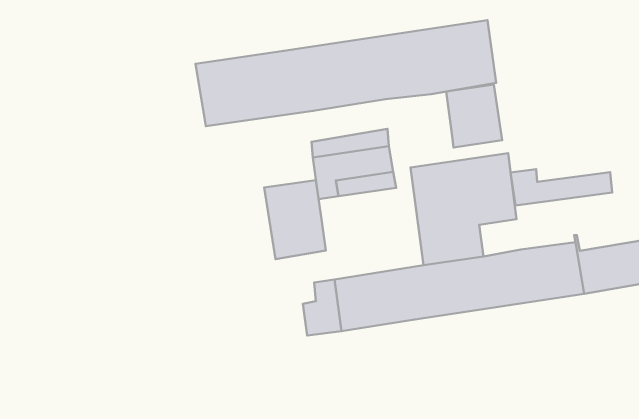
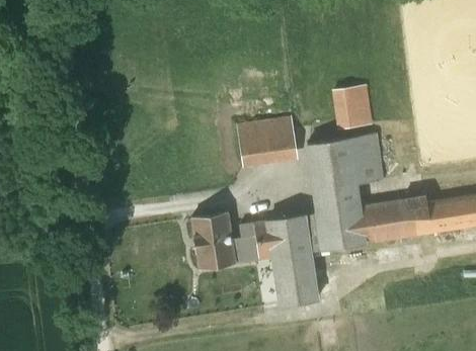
building: [196,20,496,126] -> none
building: [511,169,612,205] -> none
building: [264,180,326,259] -> [191,213,235,269]
building: none -> [272,252,318,305]

